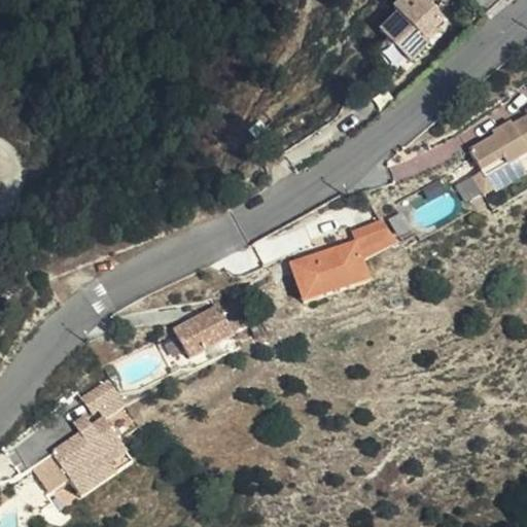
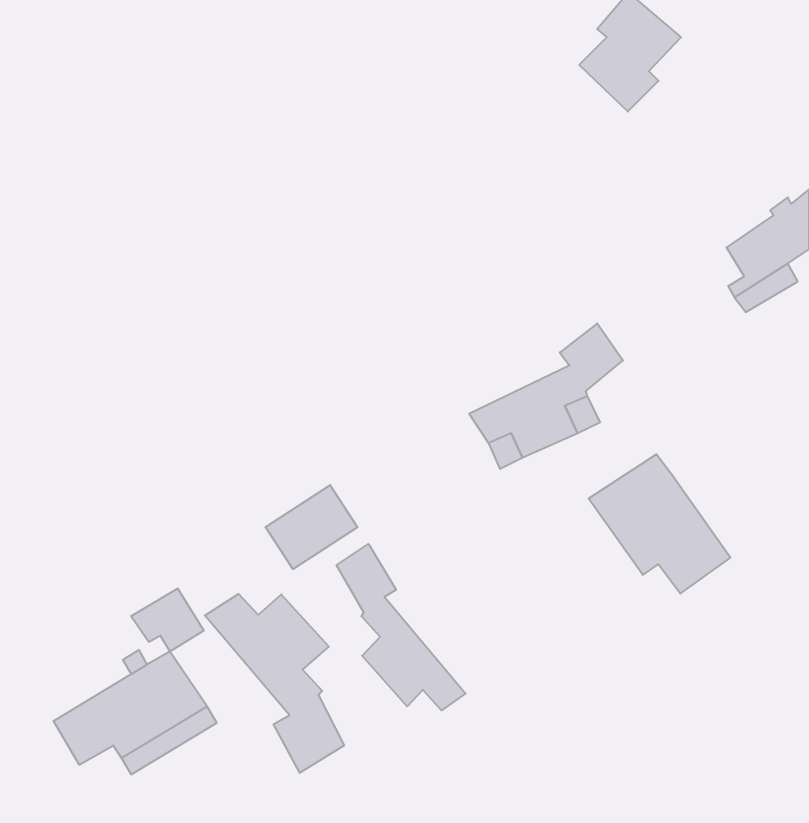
building: none -> [589,454,731,594]
building: none -> [337,544,466,710]
building: none -> [205,594,344,773]

